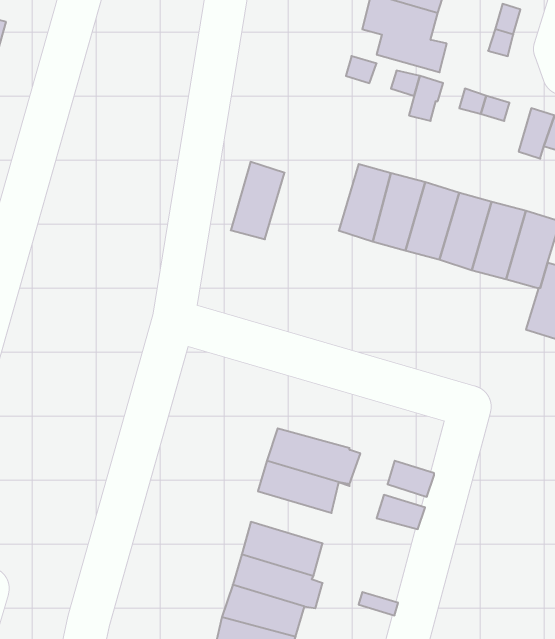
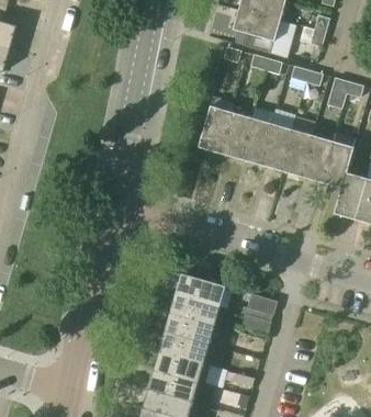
building: [231,162,285,239] -> [198,105,231,153]
building: none -> [165,312,214,343]

